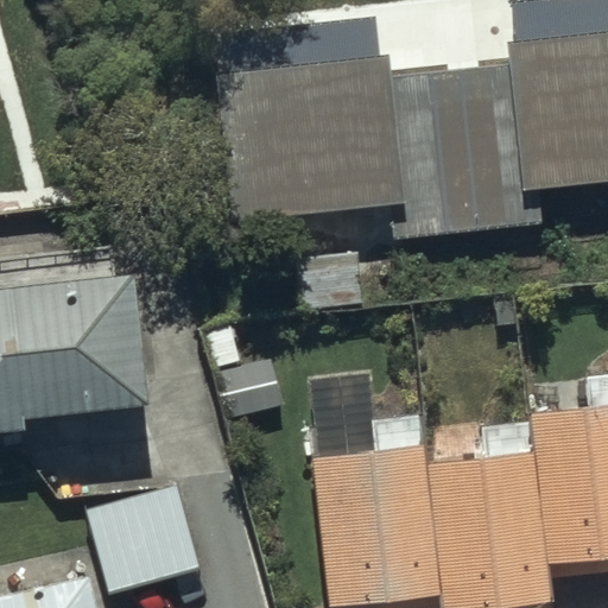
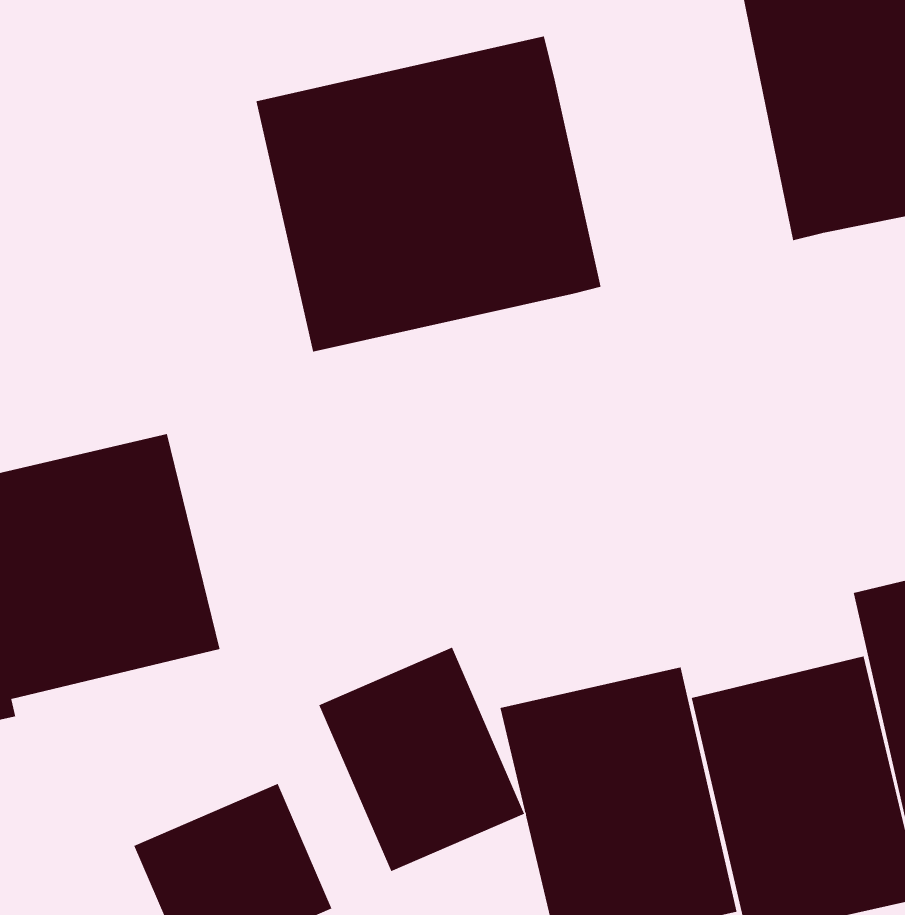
building: [385,74,540,248] -> none
building: none -> [318,647,525,872]

